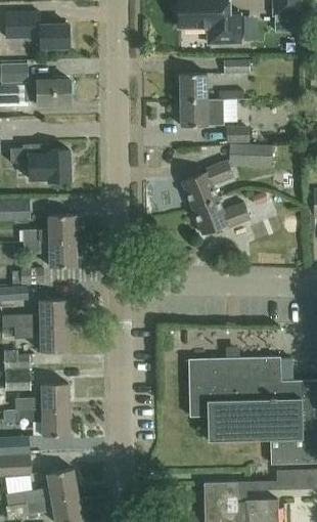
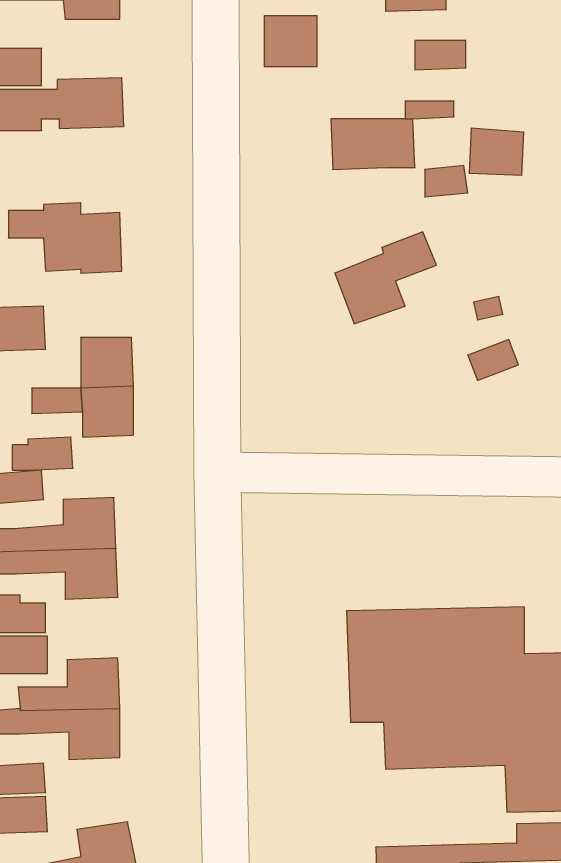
building: [179,74,207,100] -> [264,16,317,67]
building: [243,143,272,168] -> [469,128,524,175]
building: [191,199,251,235] -> none

